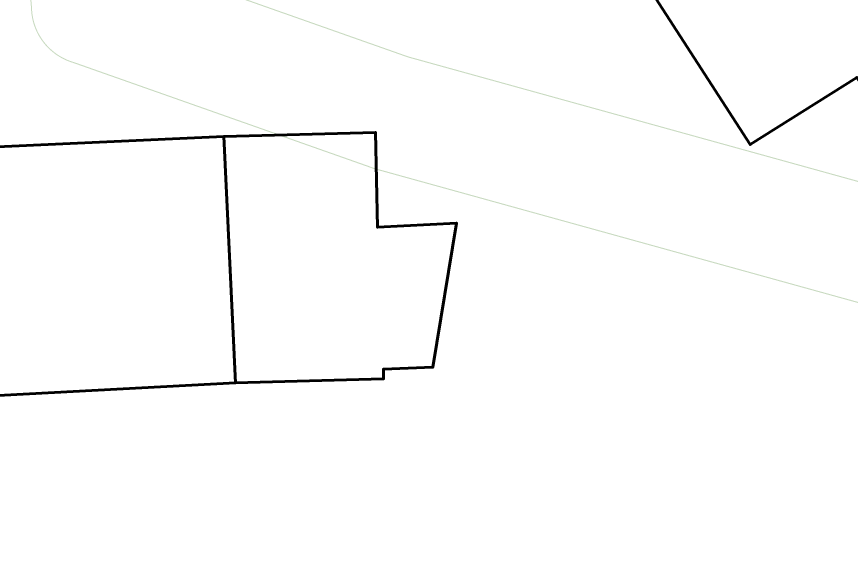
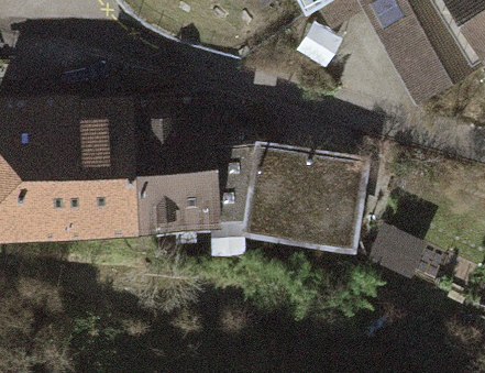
building: none -> [243,143,372,255]

